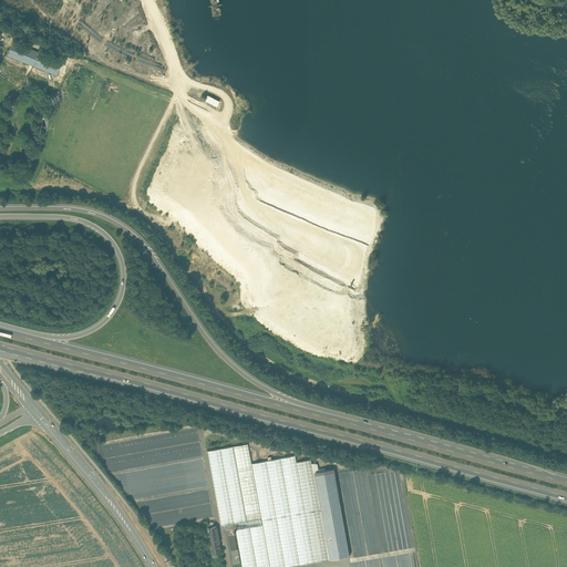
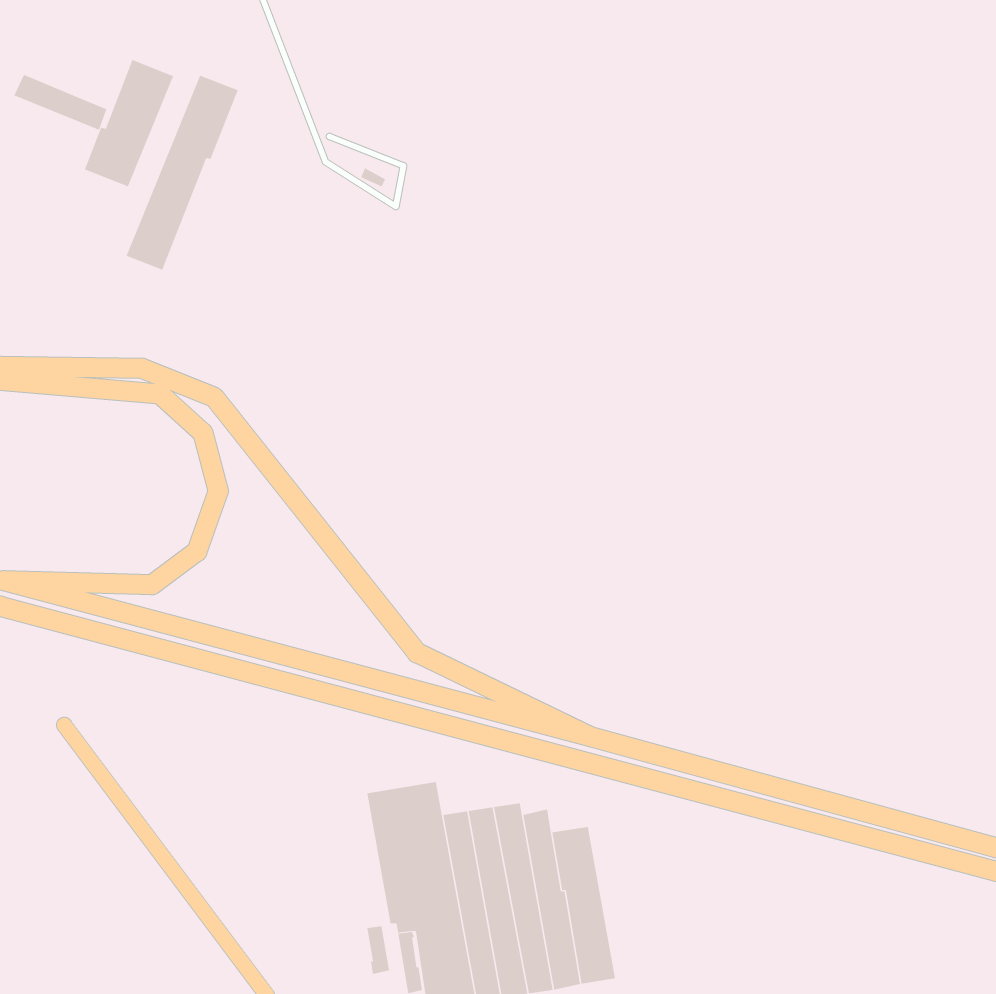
building: none -> [84,59,174,187]
building: none -> [126,75,239,270]

